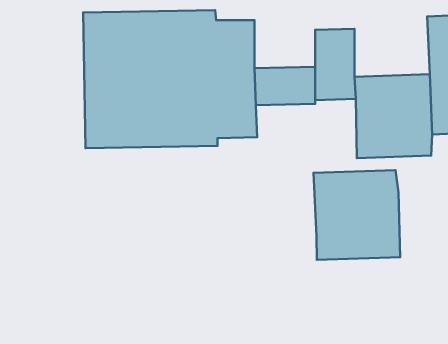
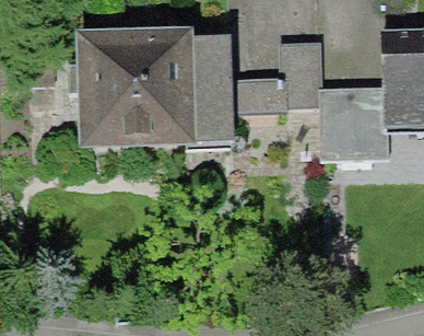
building: [314,170,400,260] -> none

